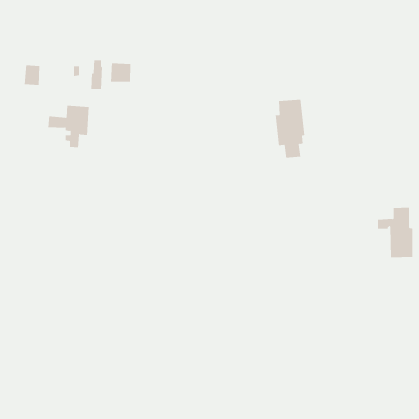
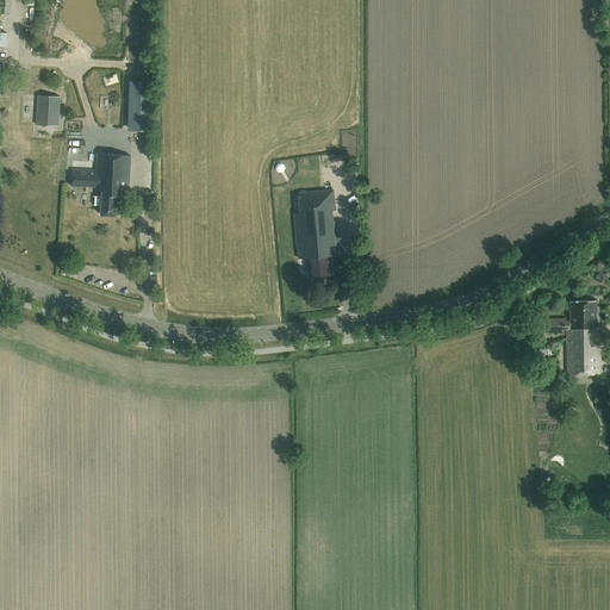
building: [111,63,131,83] -> none
building: [275,99,305,158] -> [293,189,337,275]

